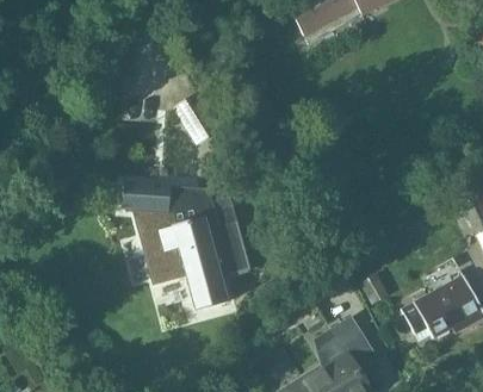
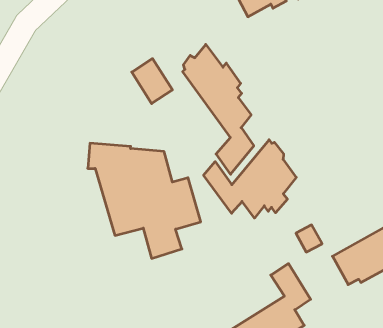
building: none -> [183,44,254,174]
building: none -> [204,140,296,218]

